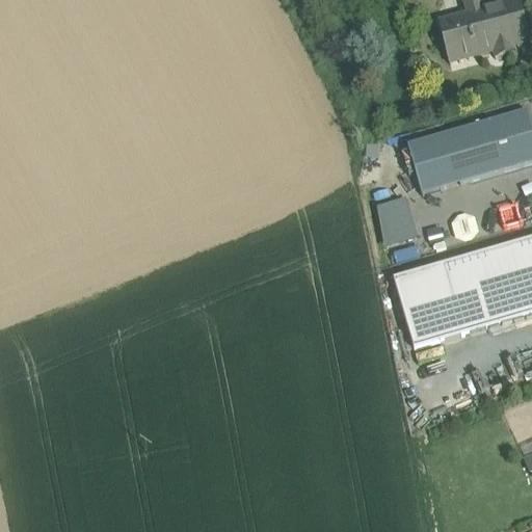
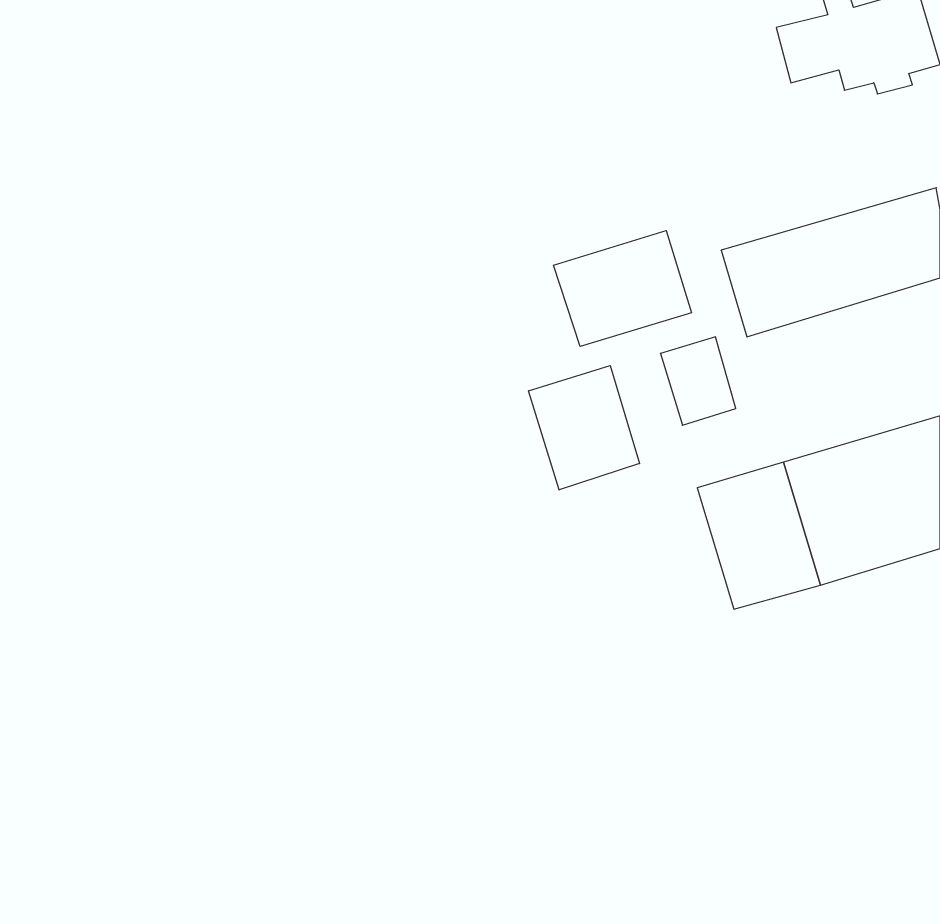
building: none -> [554,231,692,346]
building: none -> [529,366,640,490]

